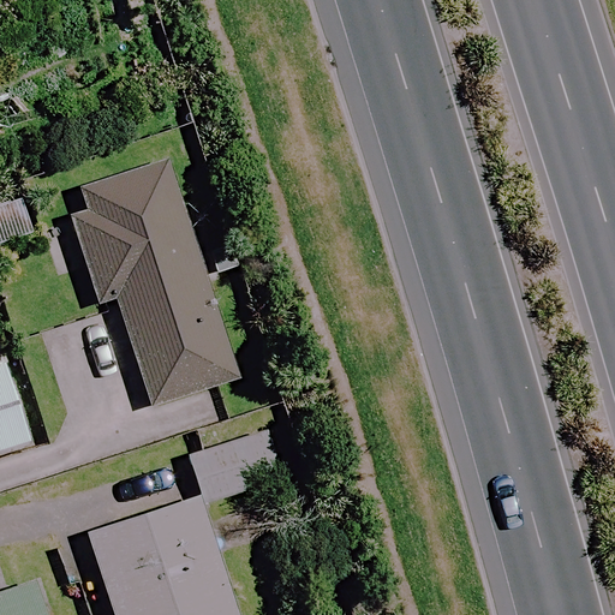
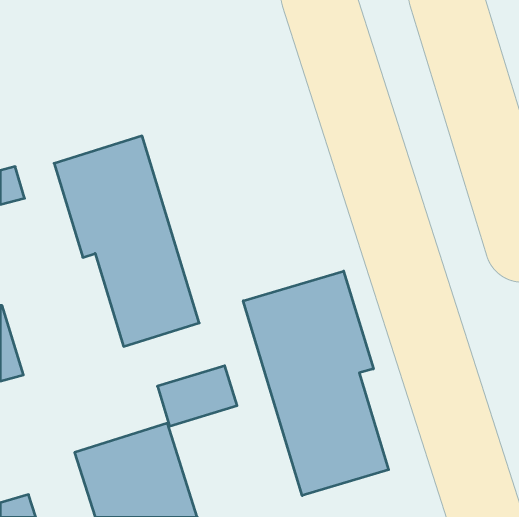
building: none -> [243,271,389,496]

